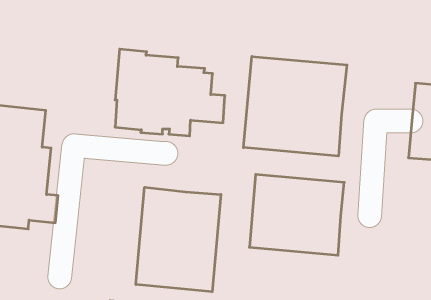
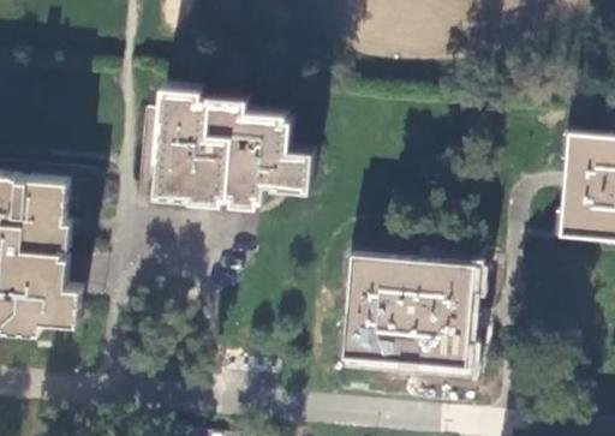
building: [243,56,347,156] -> none
building: [136,187,221,292] -> none

